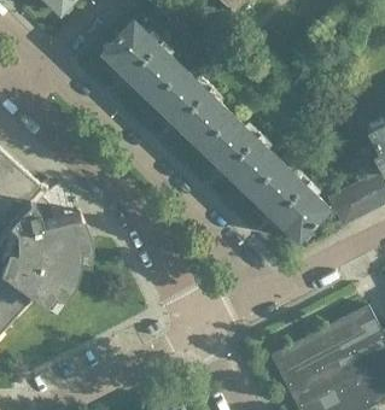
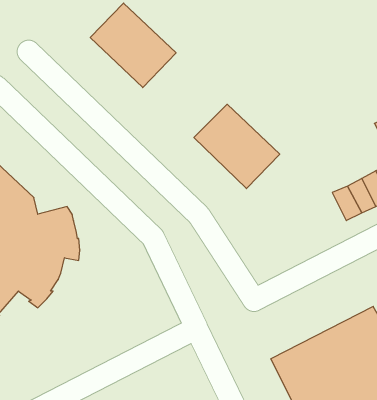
building: [150,66,229,146] -> none
building: [247,162,327,241] -> none

